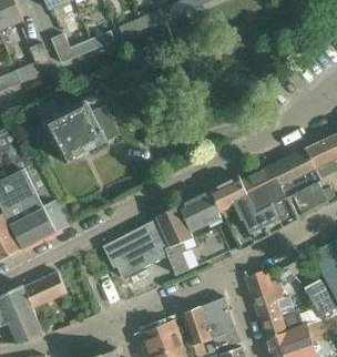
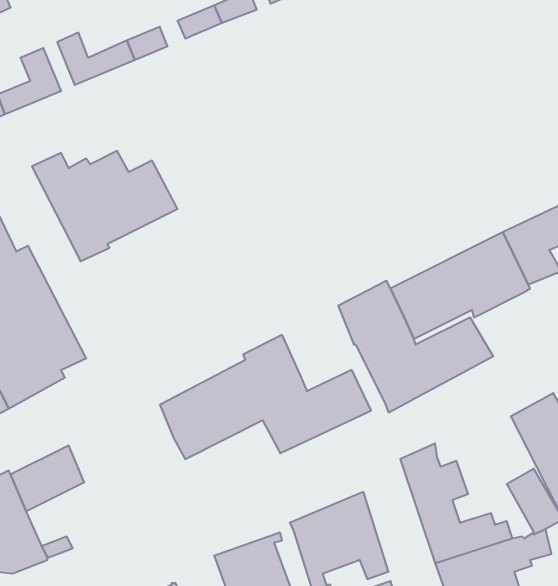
building: [293,182,328,216] -> none
building: [178,190,219,231] -> none

